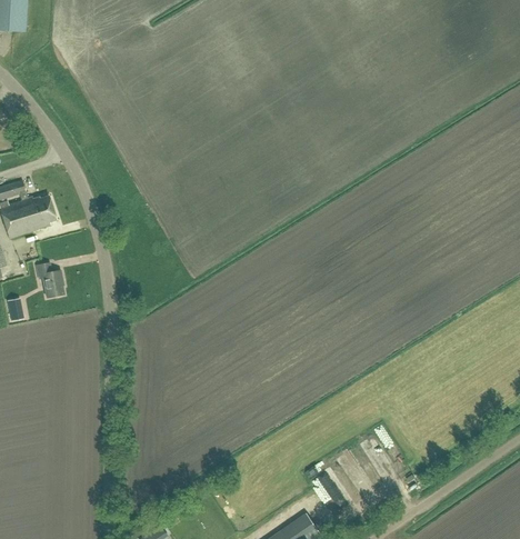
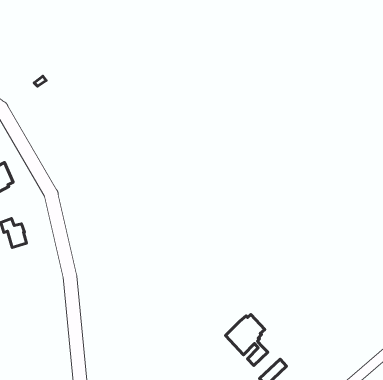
building: none -> [225,314,268,366]

